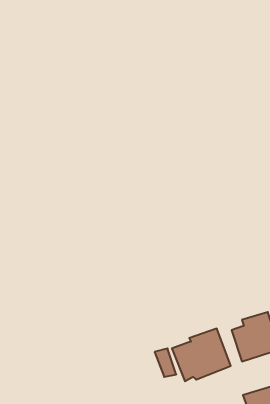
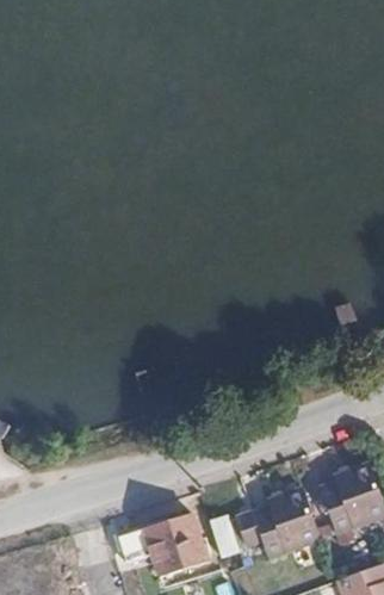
building: none -> [122,513,210,572]

